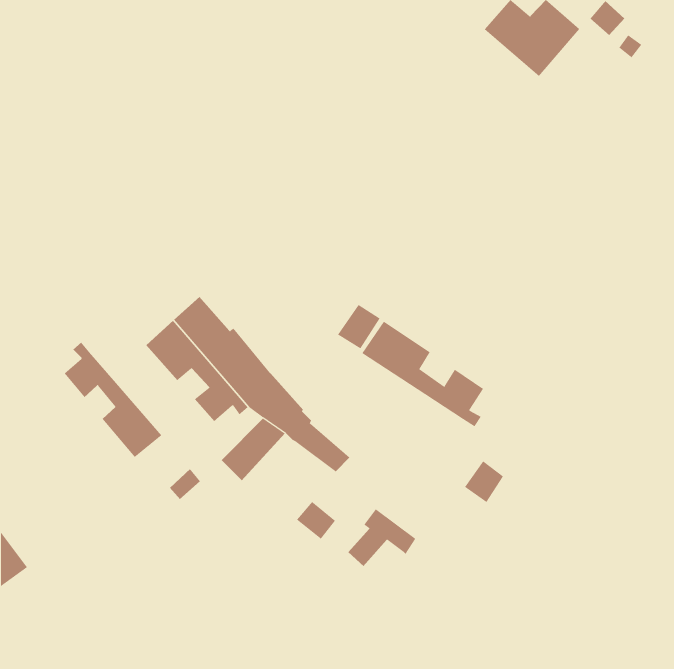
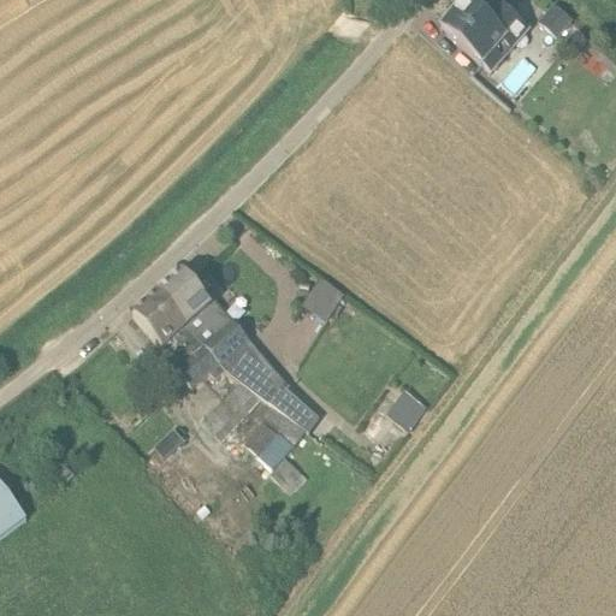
building: [361,321,484,427] -> none
building: [64,342,162,458] -> none
building: [464,460,504,503] -> [389,390,425,428]
building: [348,509,416,567] -> [244,402,307,455]

